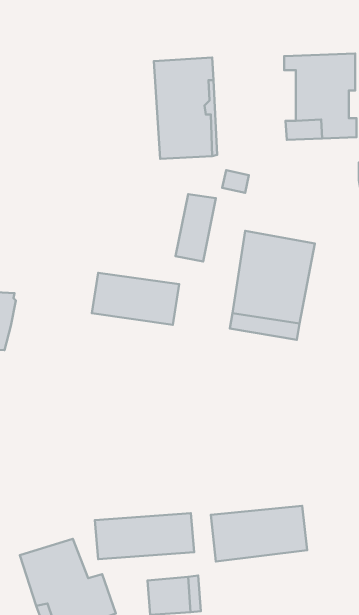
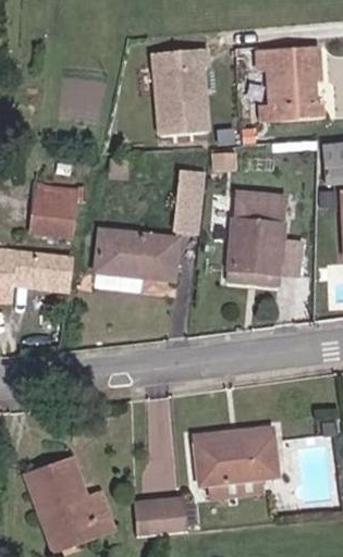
building: none -> [36,182,79,222]
building: none -> [26,243,74,281]
building: [95,513,194,559] -> none

